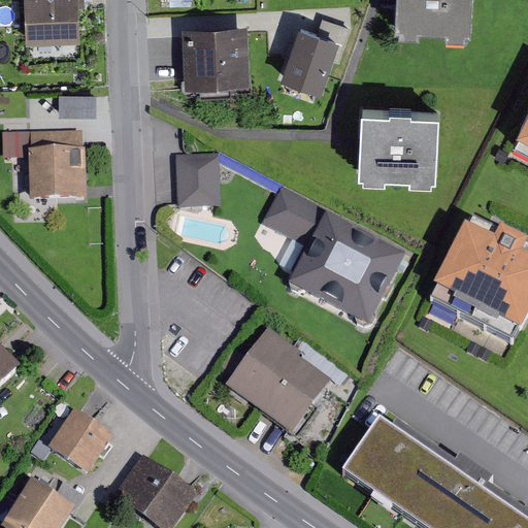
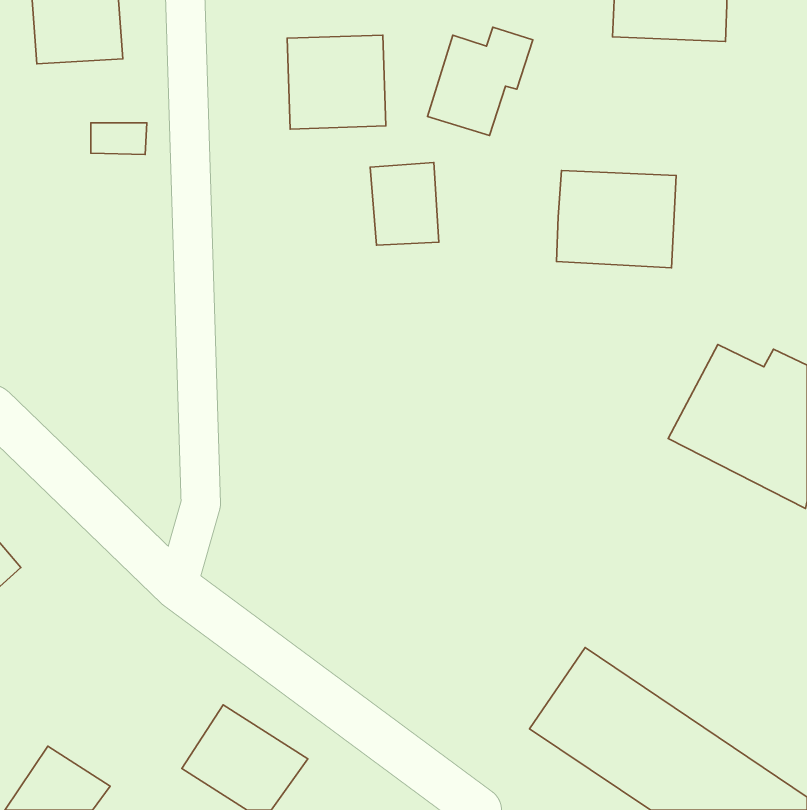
building: [26,128,87,202] -> none
building: [176,152,221,205] -> [370,162,439,245]
building: [265,186,323,242] -> none
building: [290,216,405,328] -> none
building: [227,333,333,434] -> none
building: [47,411,112,476] -> none

